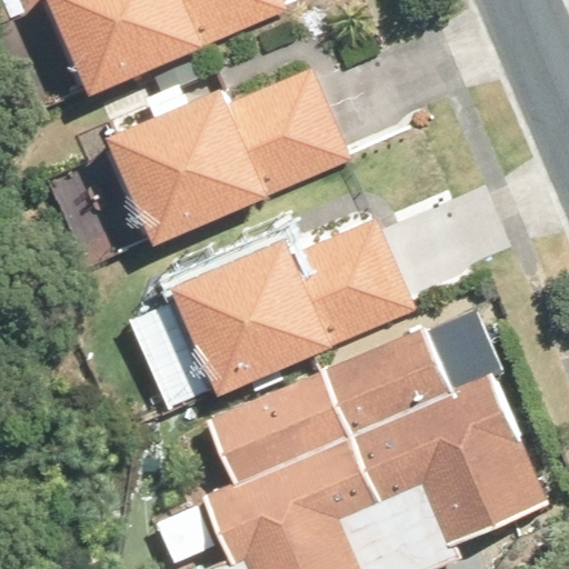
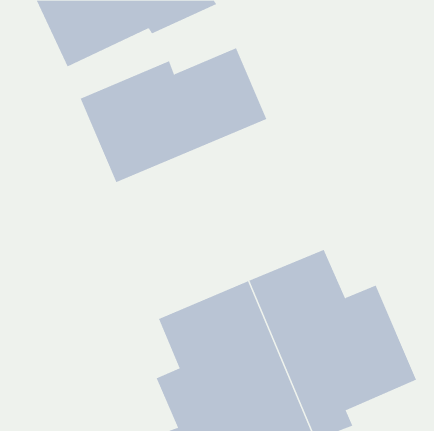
building: [169,217,415,393] -> none

